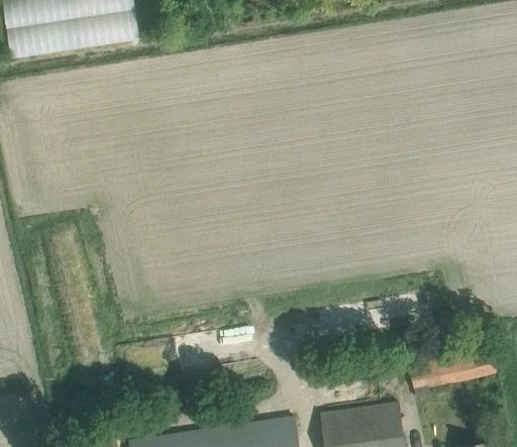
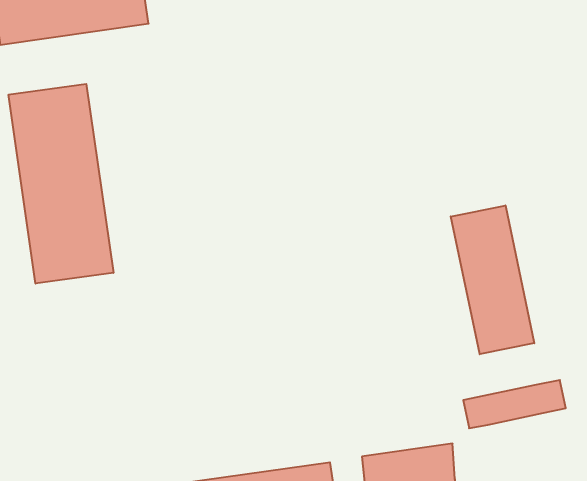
building: none -> [9,84,113,284]
building: none -> [451,205,534,354]

